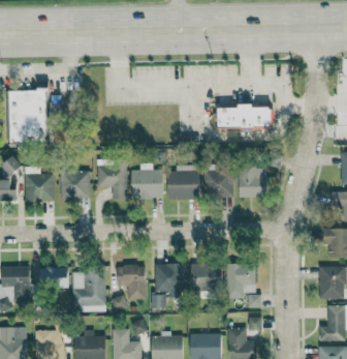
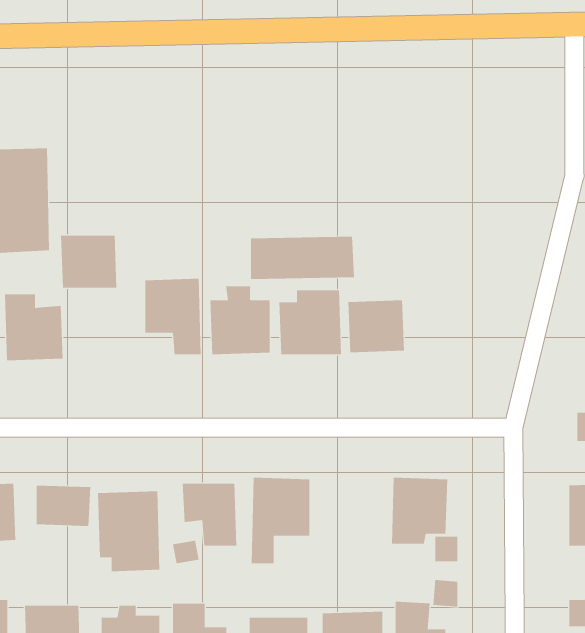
building: [218,107,273,129] -> [250,236,355,280]
building: [240,162,266,198] -> none
building: [60,171,90,199] -> [60,235,117,288]
building: [191,263,222,288] -> none

